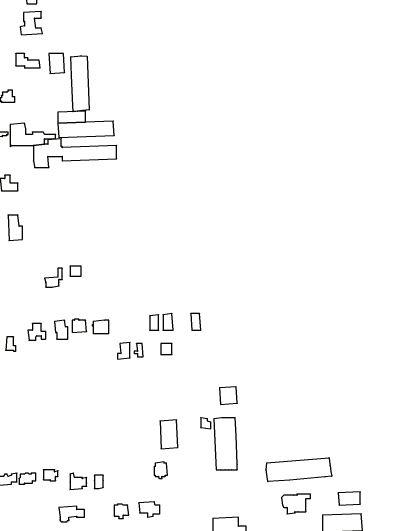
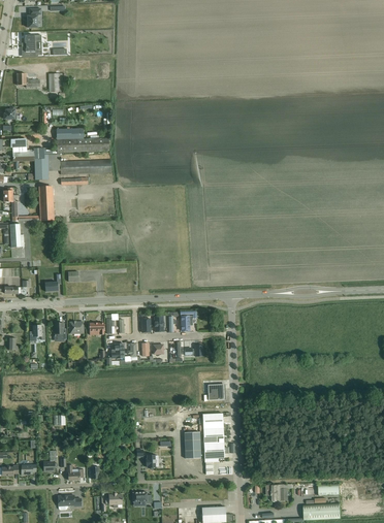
building: [71,56,89,112] -> none
building: none -> [19,186,53,221]
building: [160,420,178,449] -> [185,431,201,458]
building: [266,458,332,482] -> none

